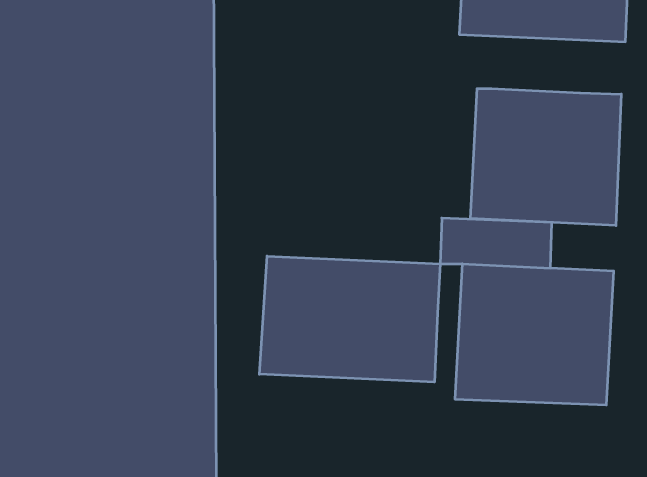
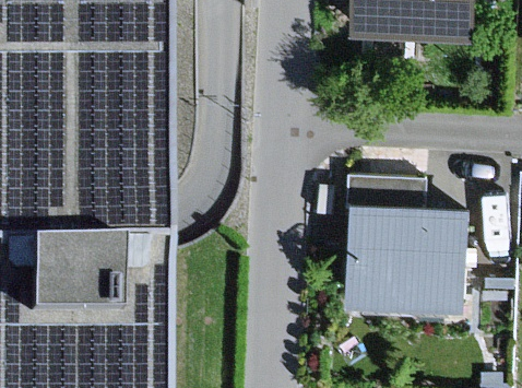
building: [471,89,621,226] -> none
building: [259,256,440,382] -> none

